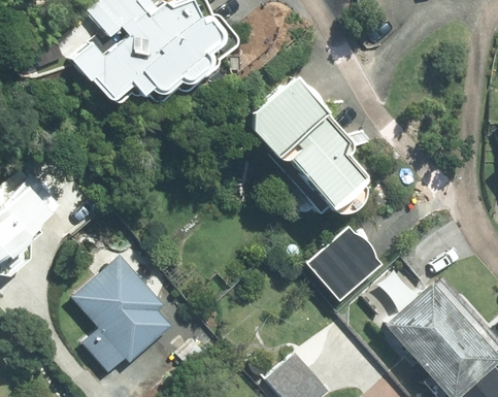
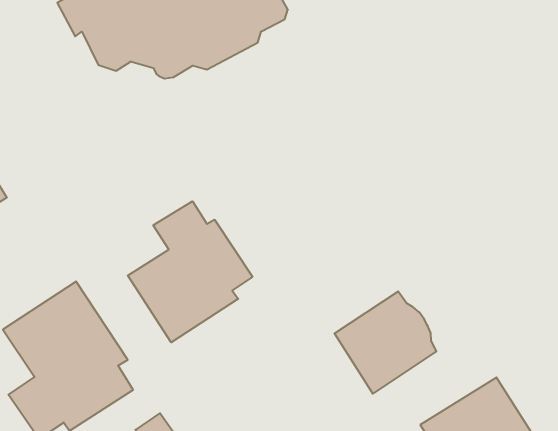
building: [252,76,368,213] -> none
building: none -> [128,201,252,342]

